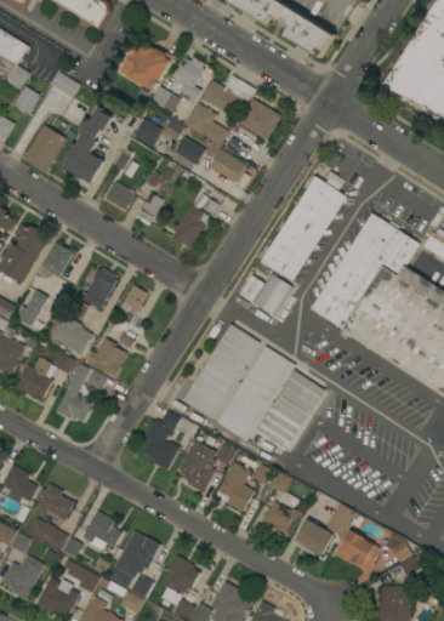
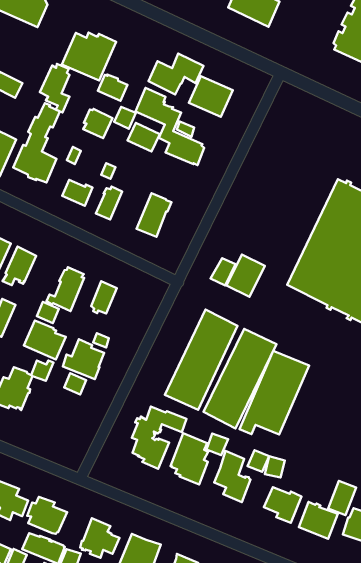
building: [173,57,204,104] -> [40,64,70,112]
building: [261,176,347,281] -> none
building: [56,363,93,421] -> none

